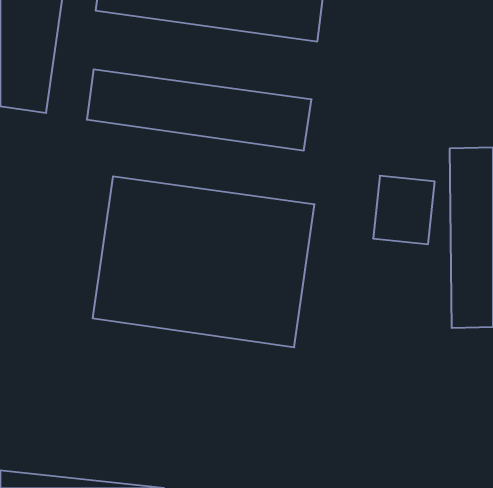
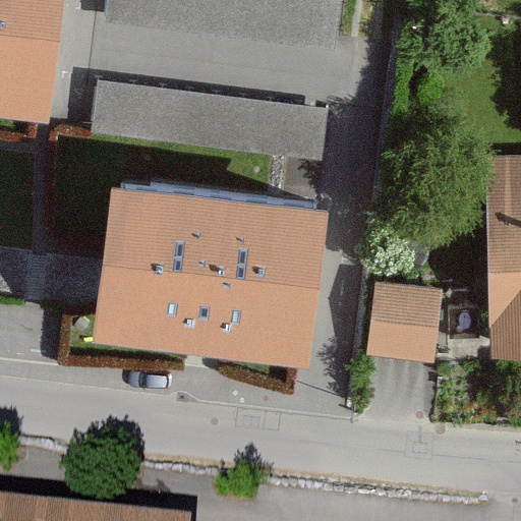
building: [373,176,435,244] -> [356,280,421,352]

